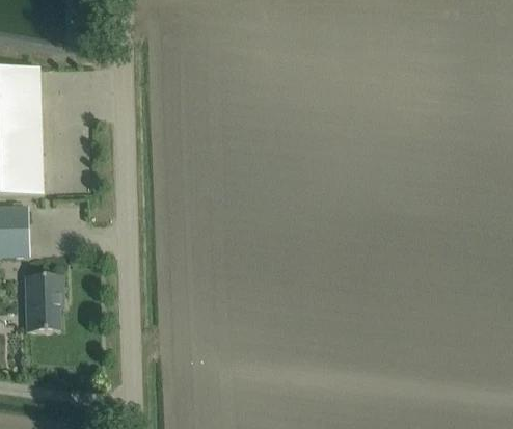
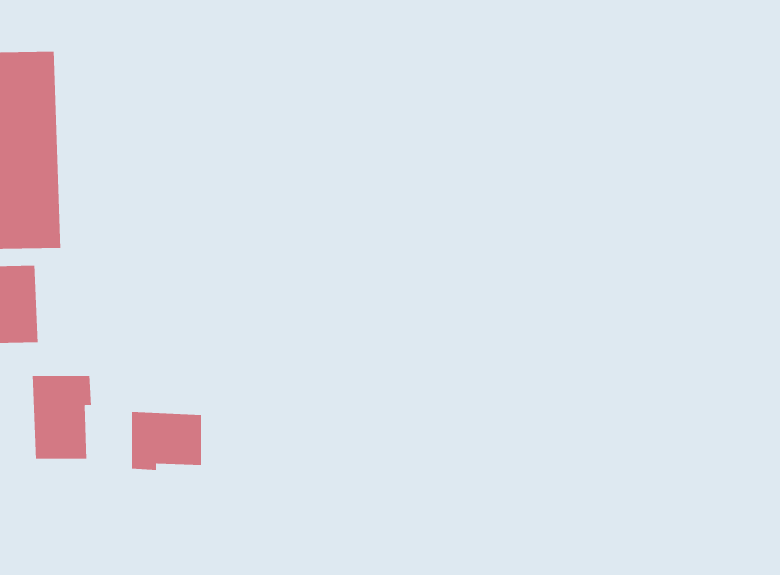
building: none -> [131,411,202,471]

